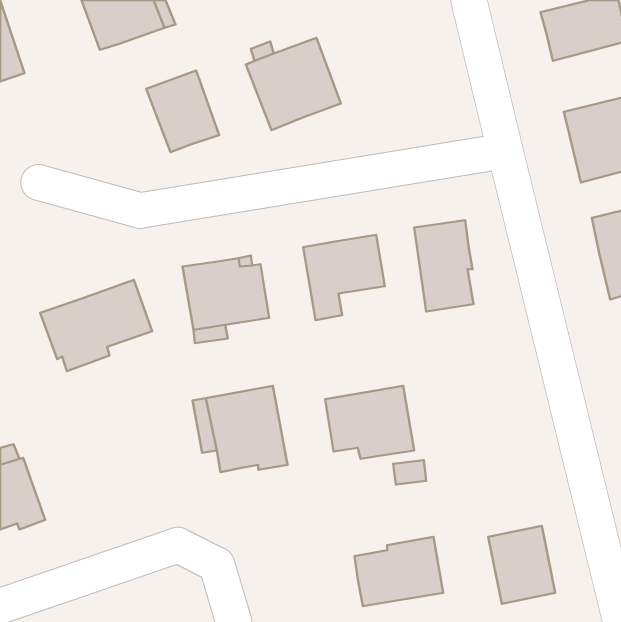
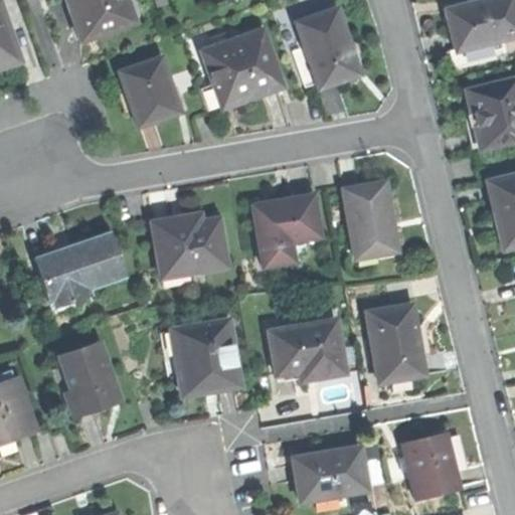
building: none -> [296,9,359,88]
building: none -> [368,303,422,378]
building: none -> [61,343,119,414]

